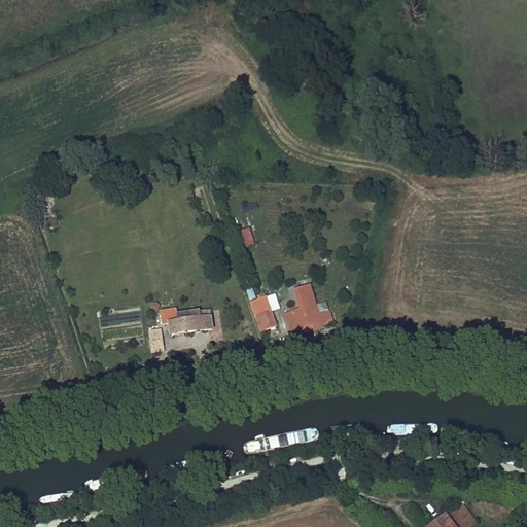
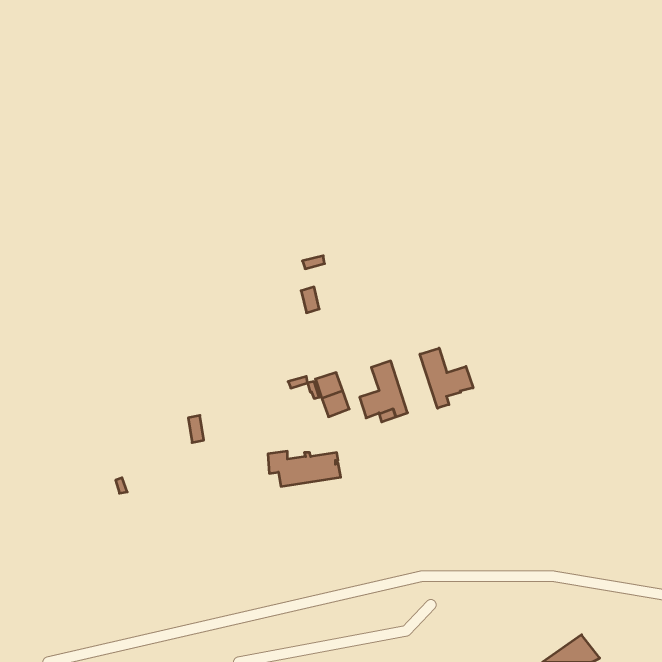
building: none -> [420,348,473,408]
building: [161,307,218,335] -> [268,451,341,486]

